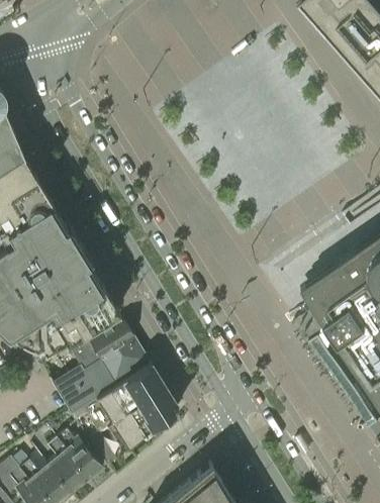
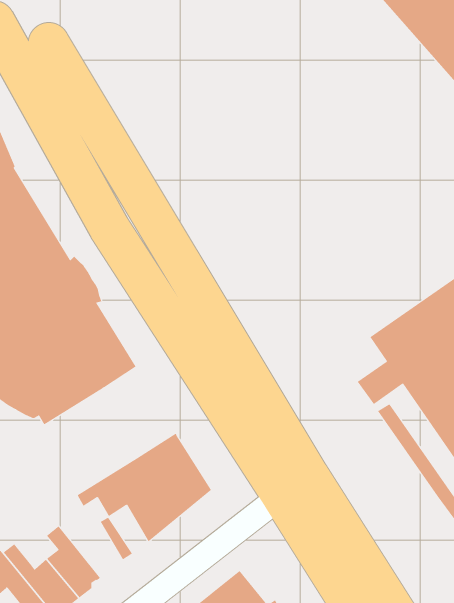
building: [51,322,146,414] -> none
building: [59,430,106,480] -> none

